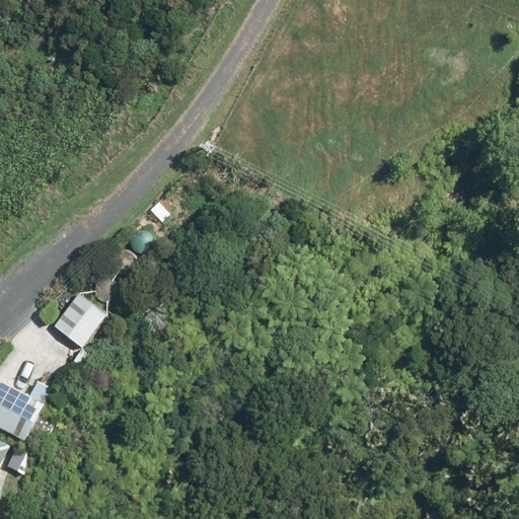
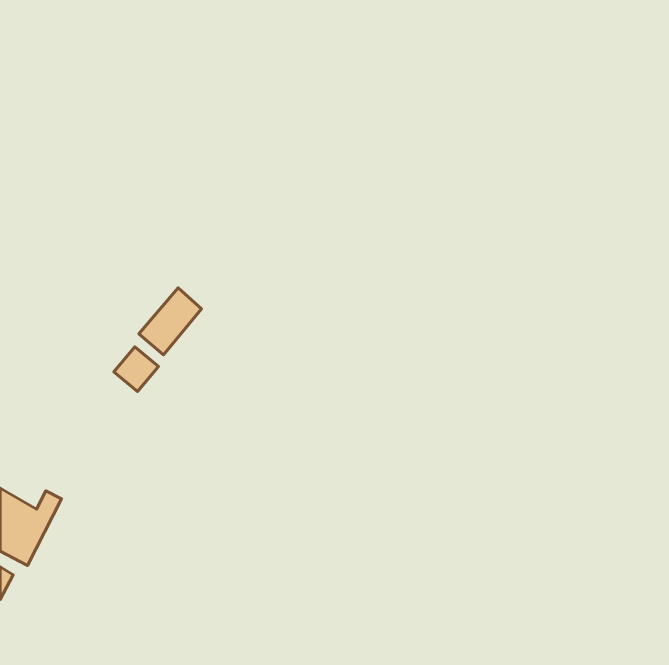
building: [54,293,104,347] -> none

